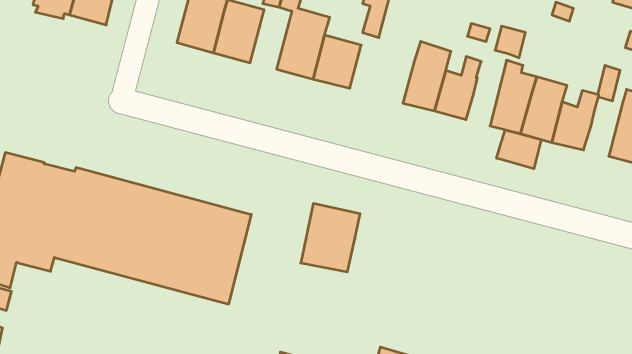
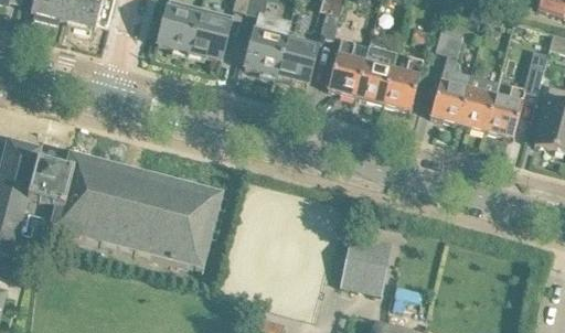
building: none -> [328,37,364,96]
building: [497,130,541,169] -> none
building: [301,204,360,272] -> [340,233,392,292]

